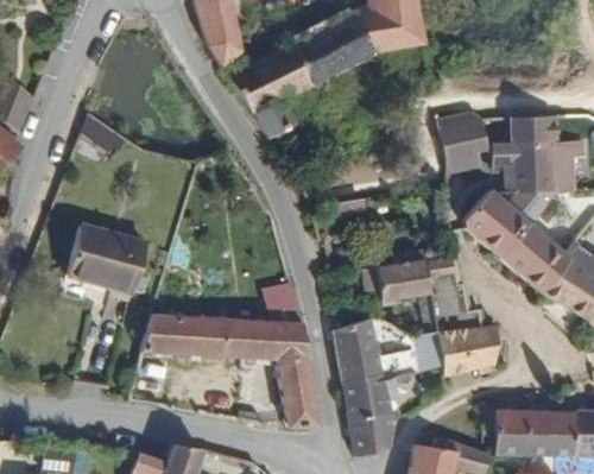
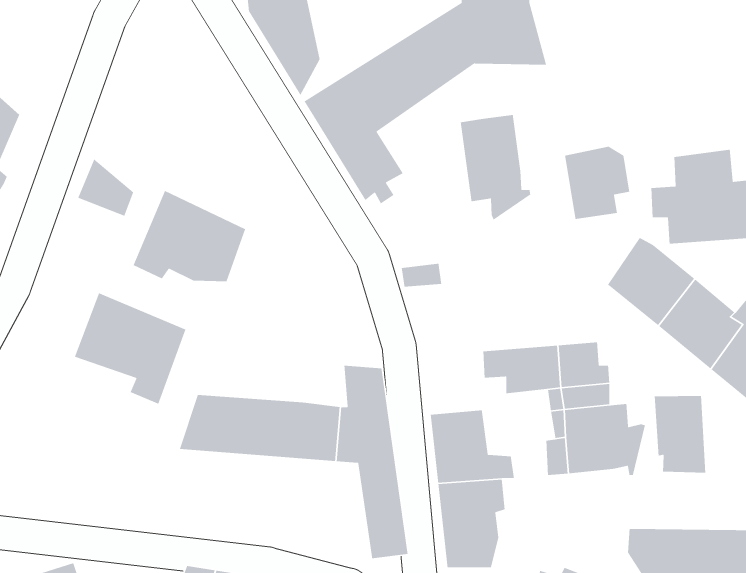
building: none -> [460,114,531,221]
building: none -> [132,190,246,282]
building: none -> [654,395,706,474]

